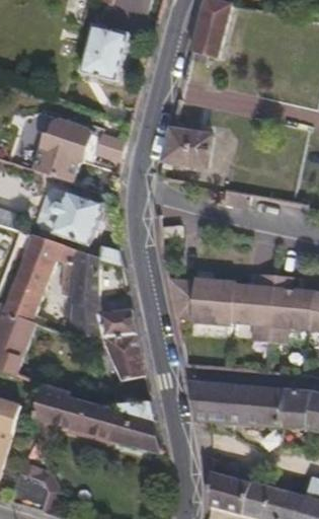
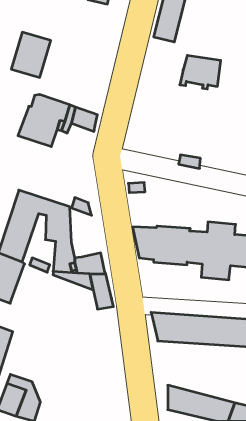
building: [81,25,129,80] -> [11,32,51,77]
building: [164,127,214,167] -> [180,55,221,89]
building: [52,193,101,246] -> none
building: [38,381,162,452] -> none

